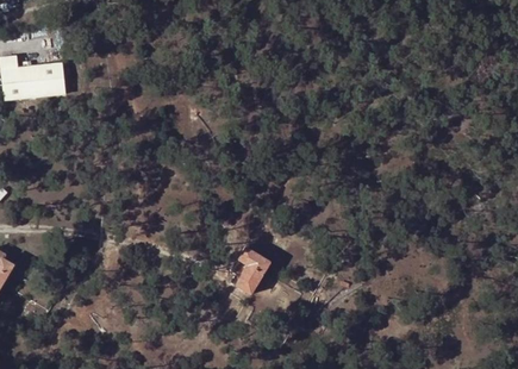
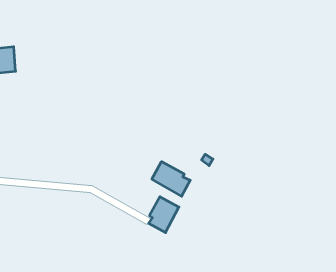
building: none -> [152,162,190,196]

